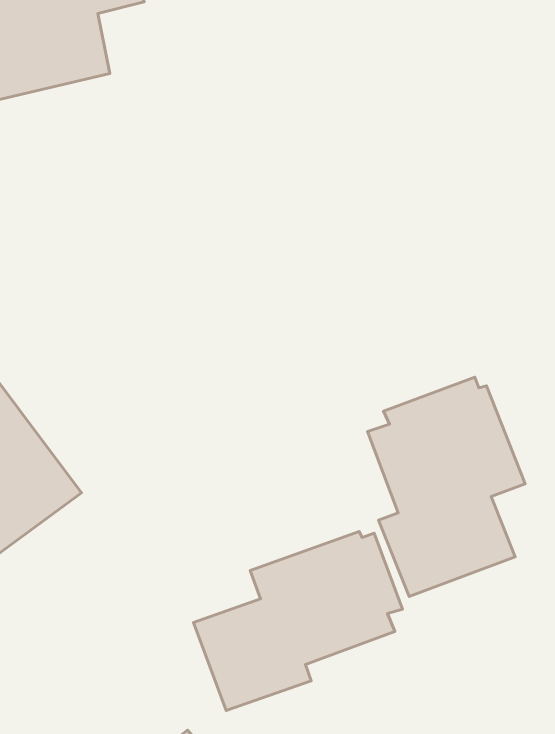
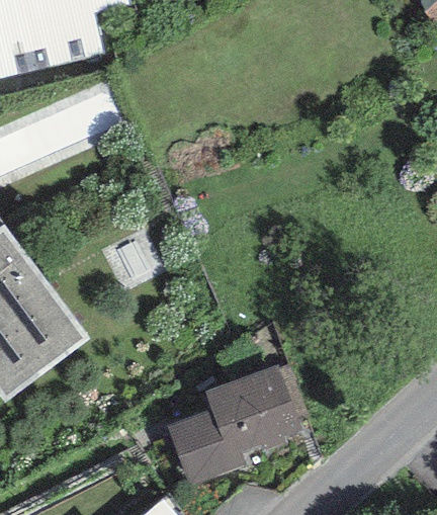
building: [367,377,525,596] -> none

